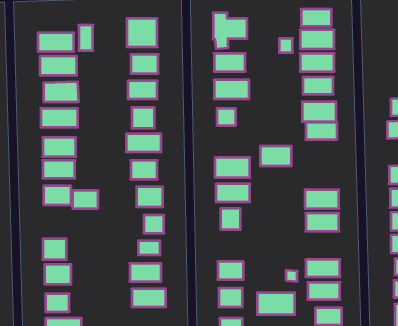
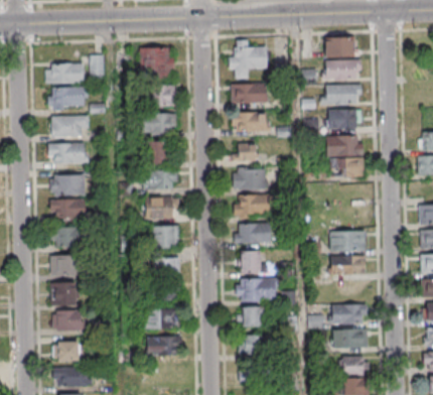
building: [260,146,291,166] -> [234,168,267,189]
building: [73,190,98,208] -> [51,255,79,274]
building: [257,293,295,315] -> [237,278,277,301]

